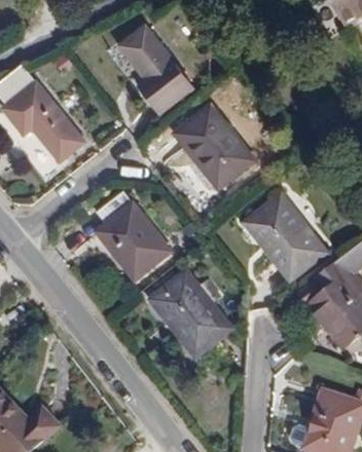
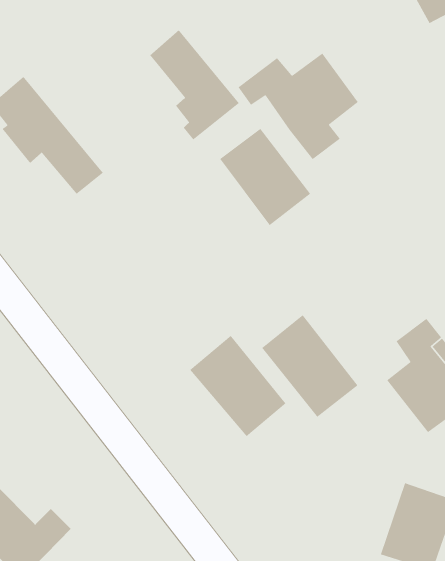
building: none -> [238,52,359,160]
building: [98,192,167,275] -> none
building: [246,194,323,276] -> [261,314,359,418]

